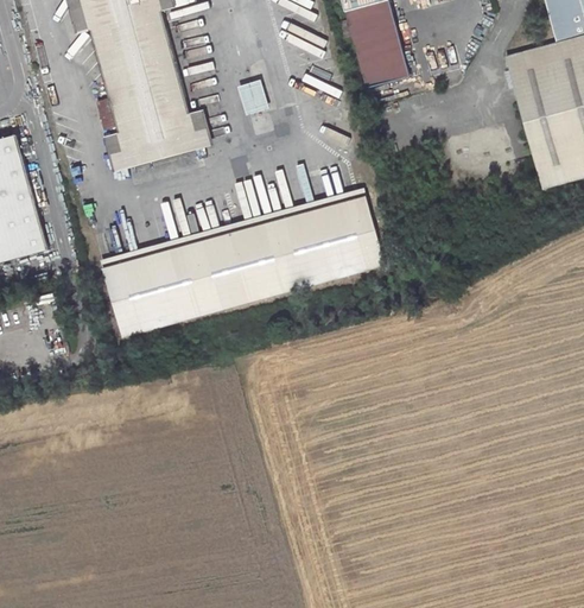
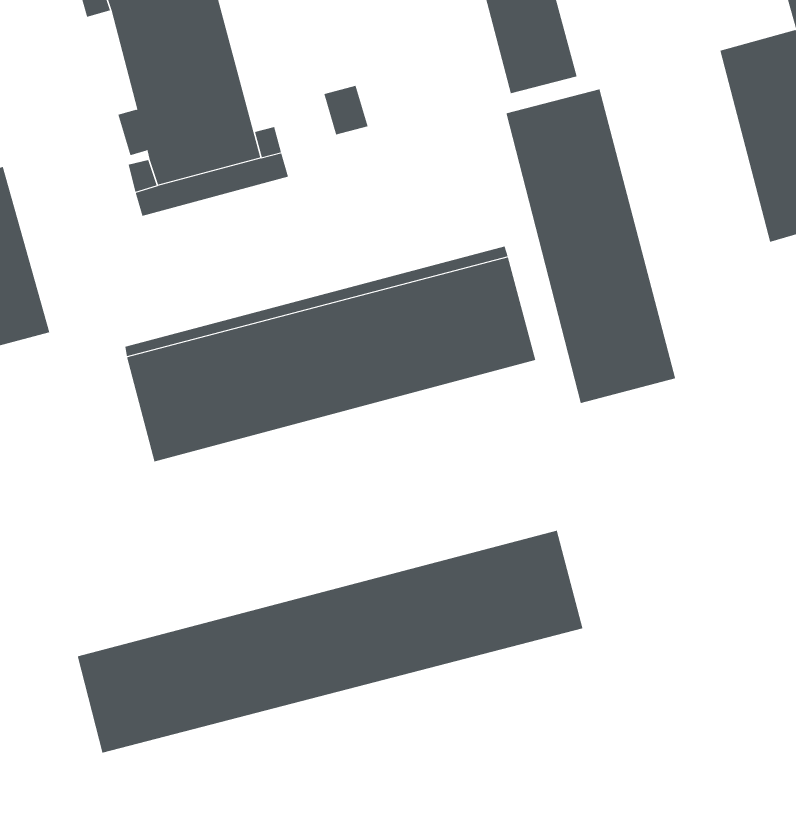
building: none -> [506,89,676,404]
building: none -> [77,530,583,754]

